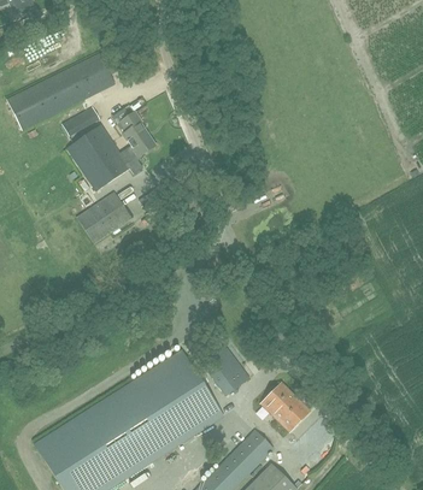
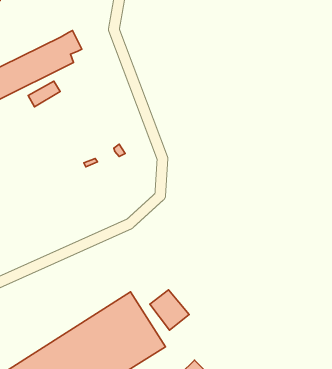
building: [67,112,155,191] -> none
building: [77,193,133,243] -> none
building: [262,384,310,432] -> none

